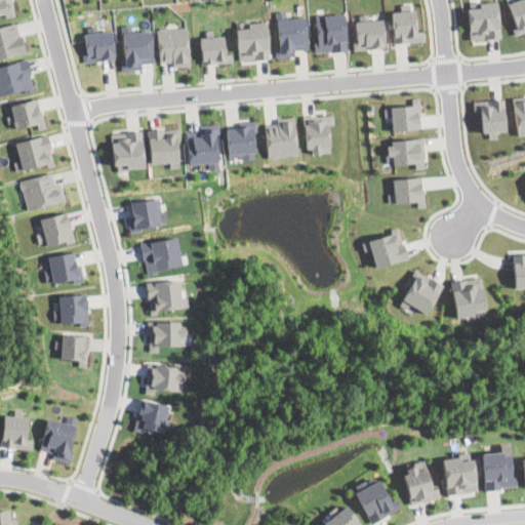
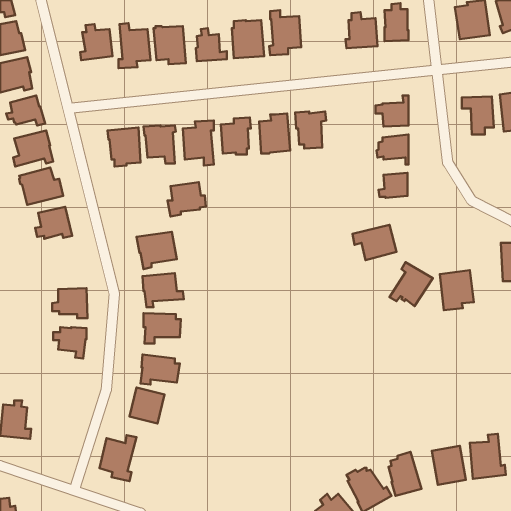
building: [316,14,348,53] -> none
building: [128,199,167,234] -> [168,182,206,216]
building: [46,253,85,284] -> none
building: [41,416,79,463] -> [99,435,137,481]

